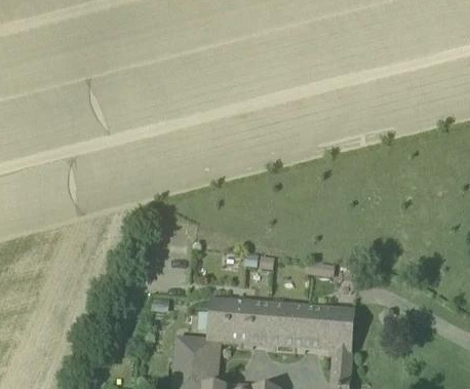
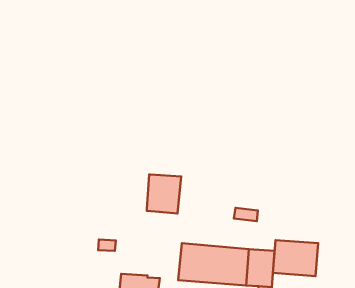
building: none -> [273,240,318,276]
building: [206,298,246,343] -> [147,175,181,213]

